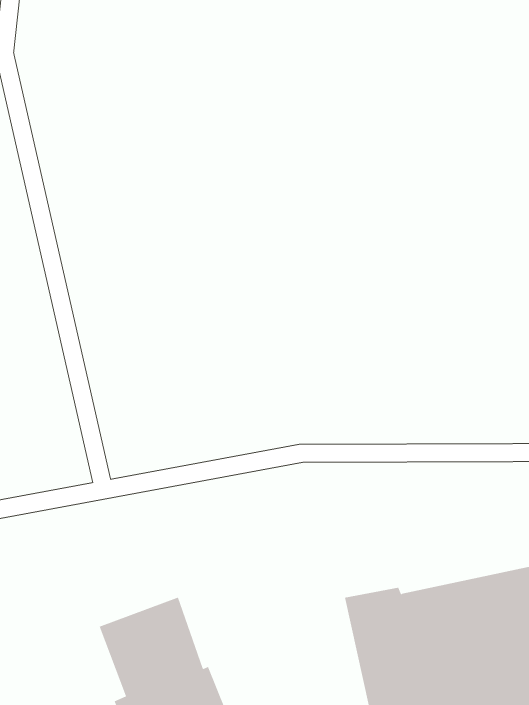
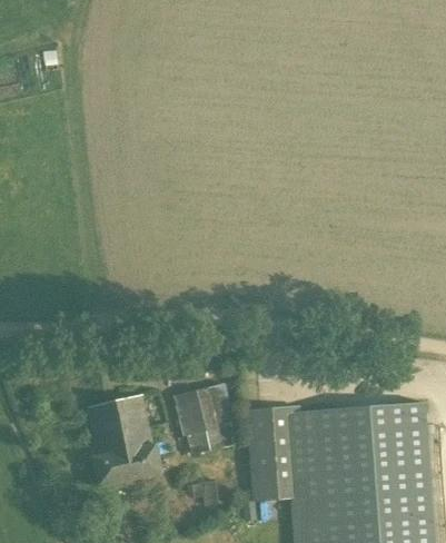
building: none -> [179,384,238,453]

